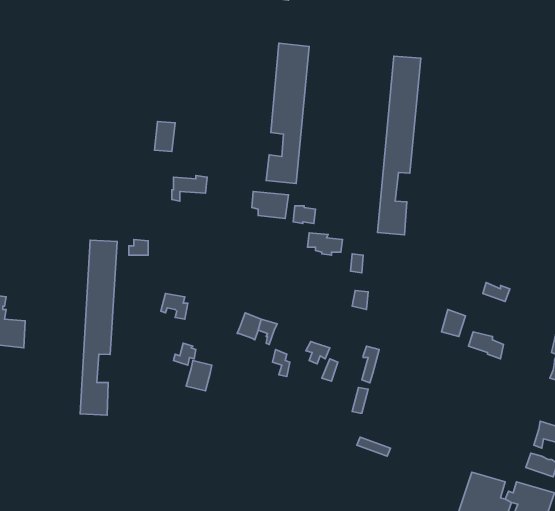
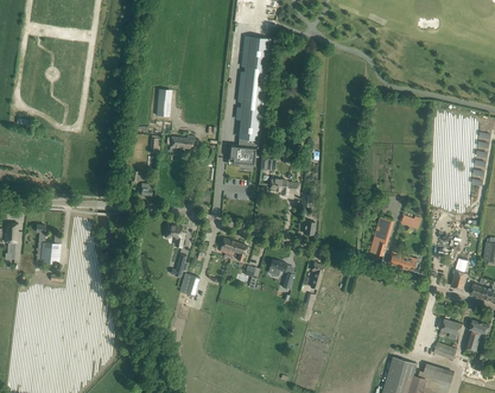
building: [377,56,421,235] -> none
building: [80,240,117,415] -> none

